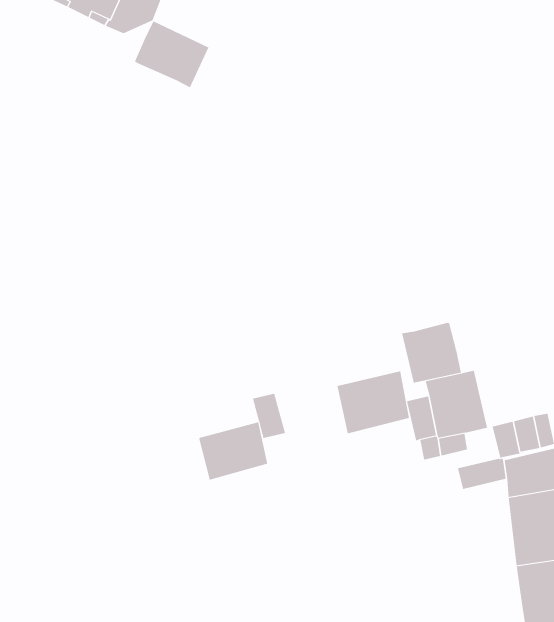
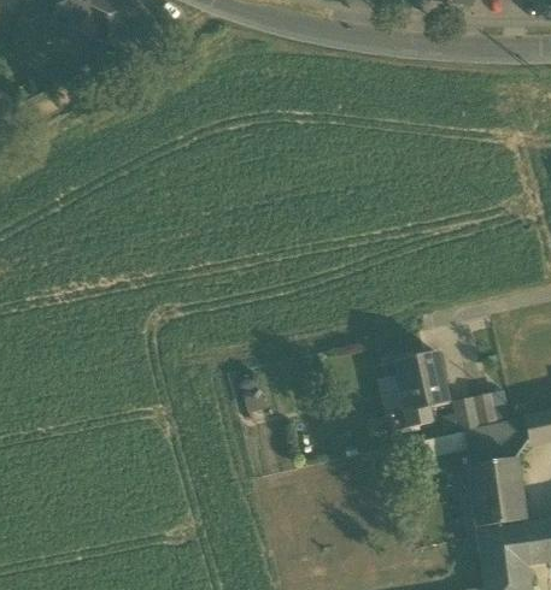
building: [134,20,209,88] -> none
building: [402,322,462,383] -> none
building: [337,371,409,434] -> none
building: [199,422,268,481] -> none

